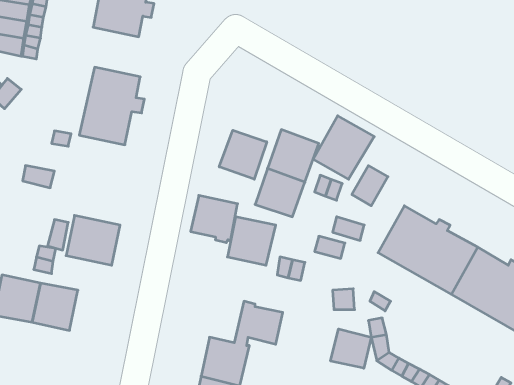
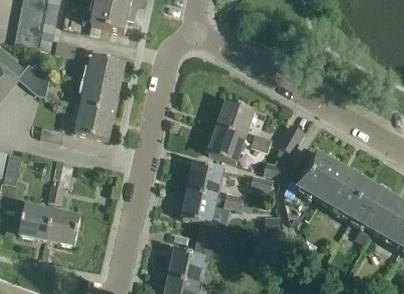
building: [313,116,374,179] -> none
building: [219,130,267,179] -> none
building: [191,195,238,243] -> [182,191,216,225]
building: [66,215,120,265] -> [75,103,114,139]
building: [331,329,371,368] -> none

